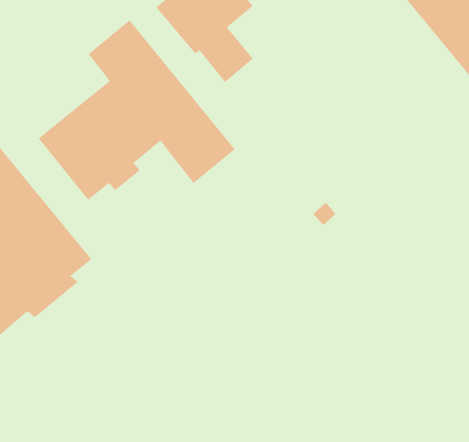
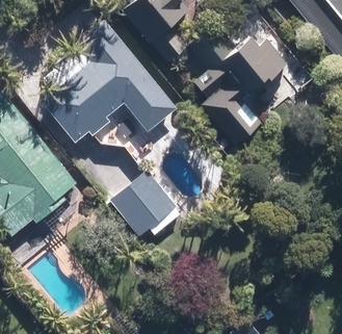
building: none -> [189,27,287,145]
building: none -> [111,172,184,238]

